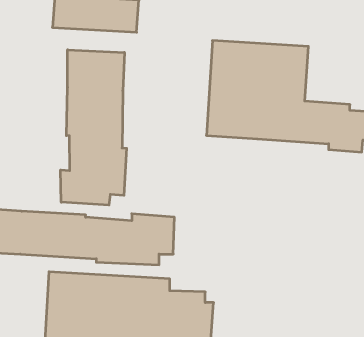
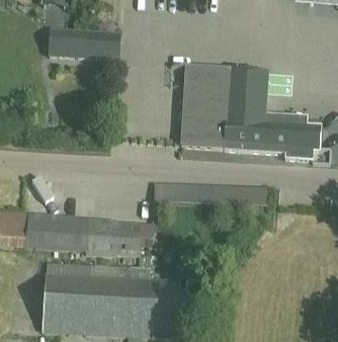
building: [61,50,127,205] -> none
building: none -> [153,181,267,204]

